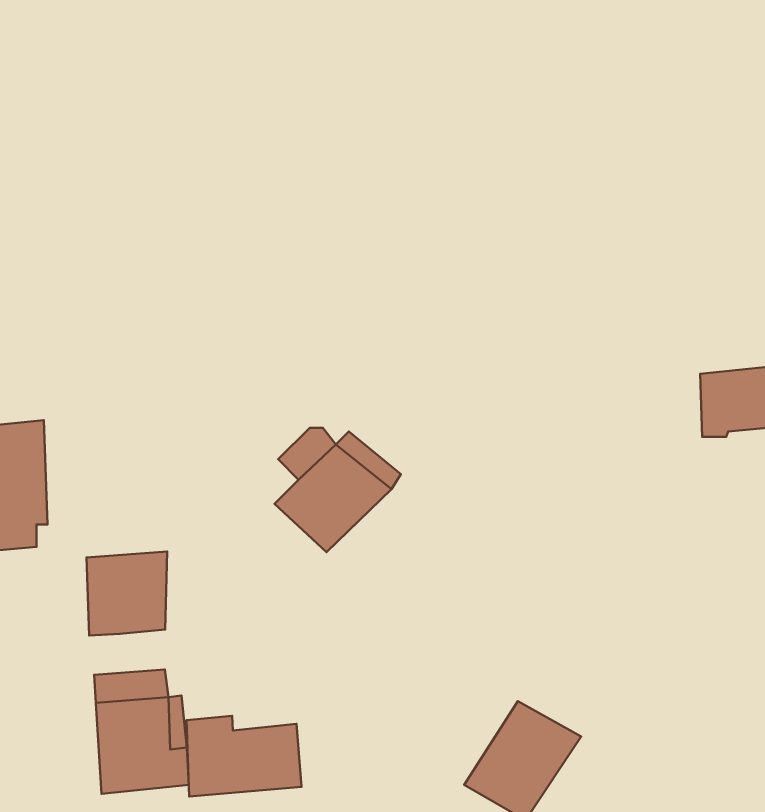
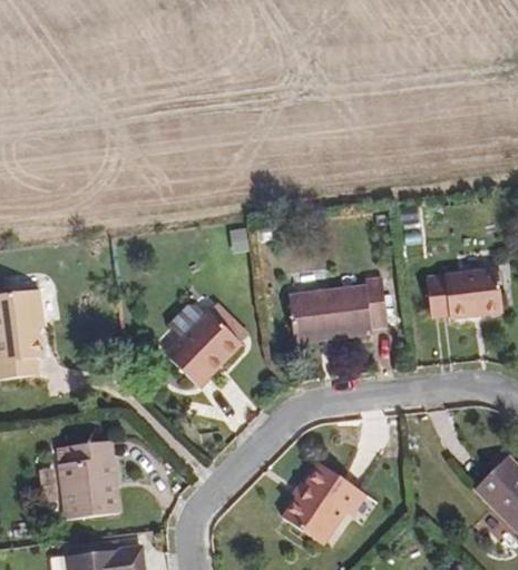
building: none -> [295,279,394,338]
building: [87,551,167,636] -> none
building: [187,716,301,797] -> none

